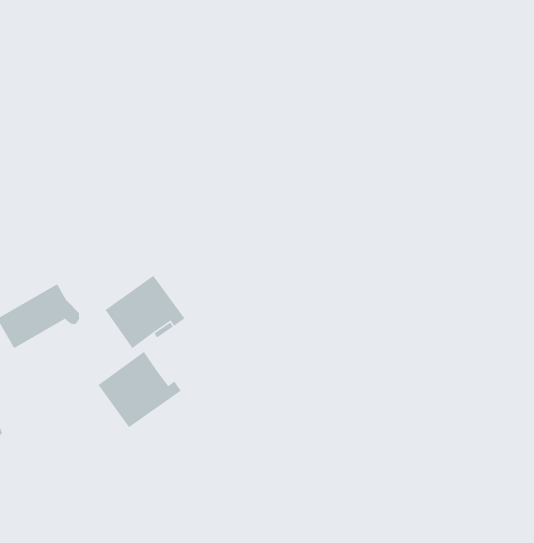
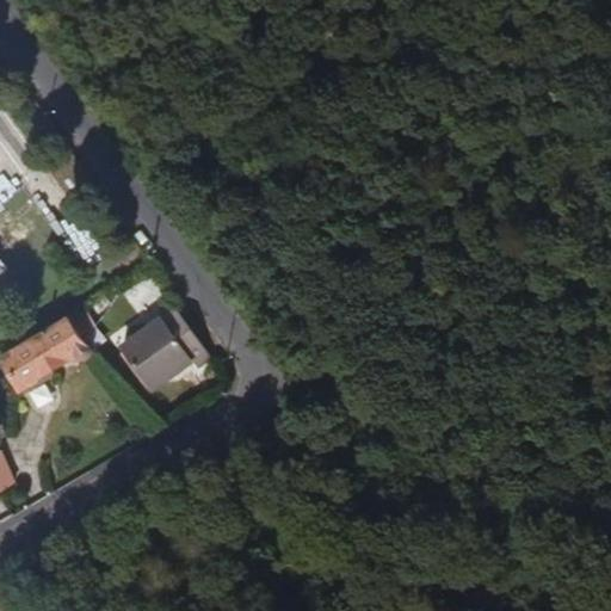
building: [98,351,182,428] -> none

